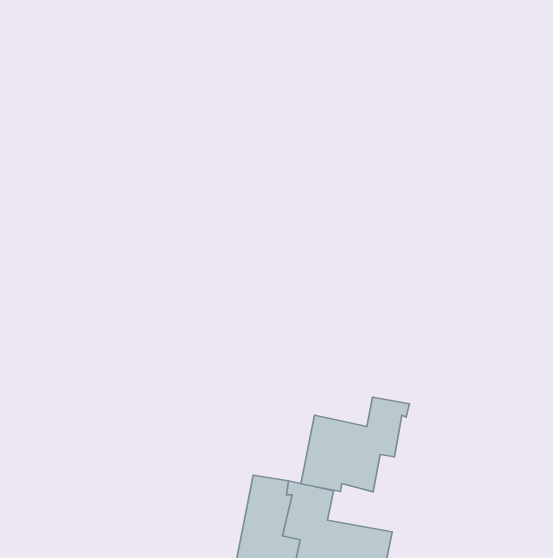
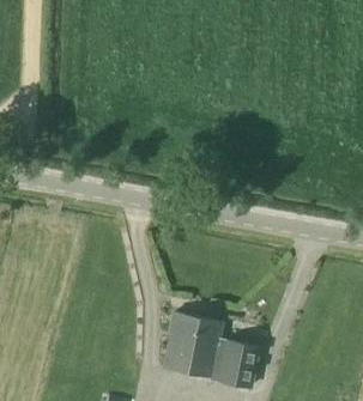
building: [301,397,409,492] -> none

